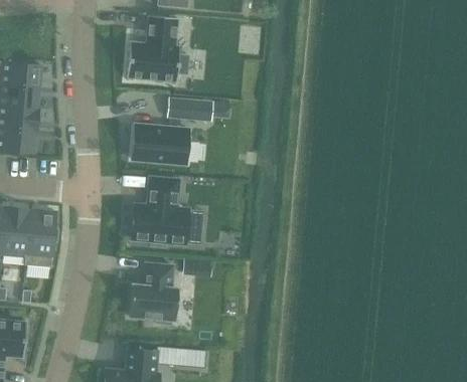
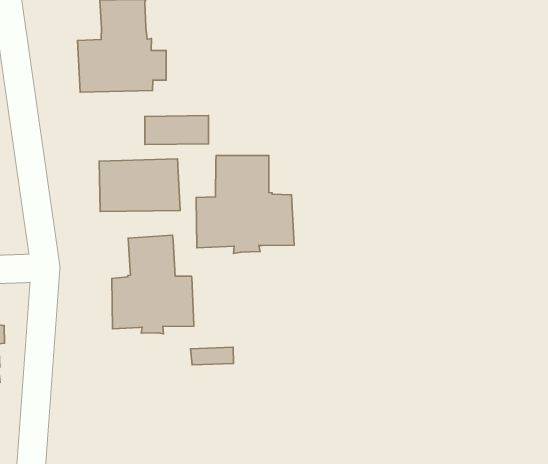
building: none -> [196,155,294,254]
building: [128,263,177,325] -> none

